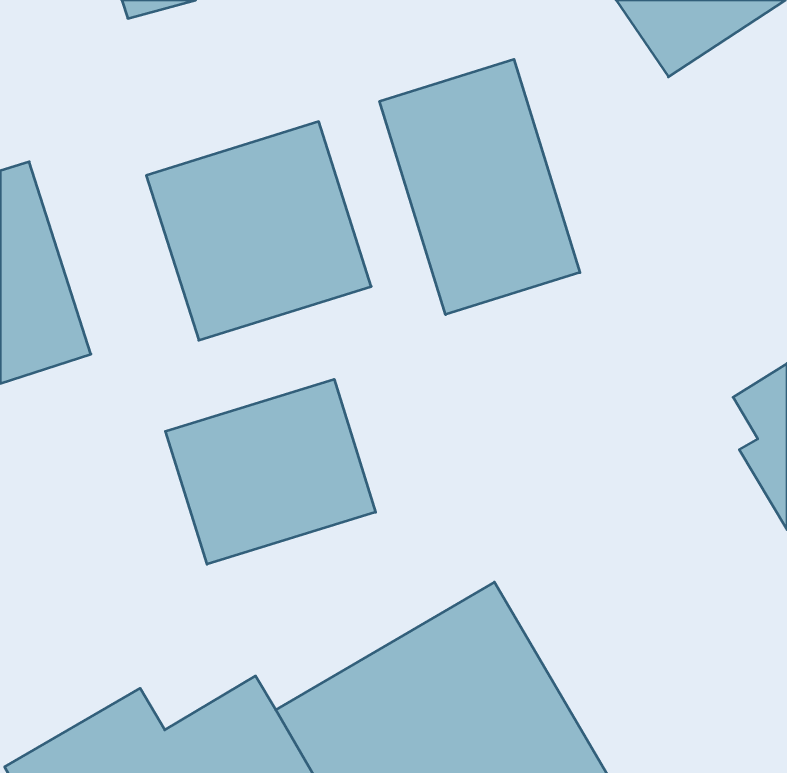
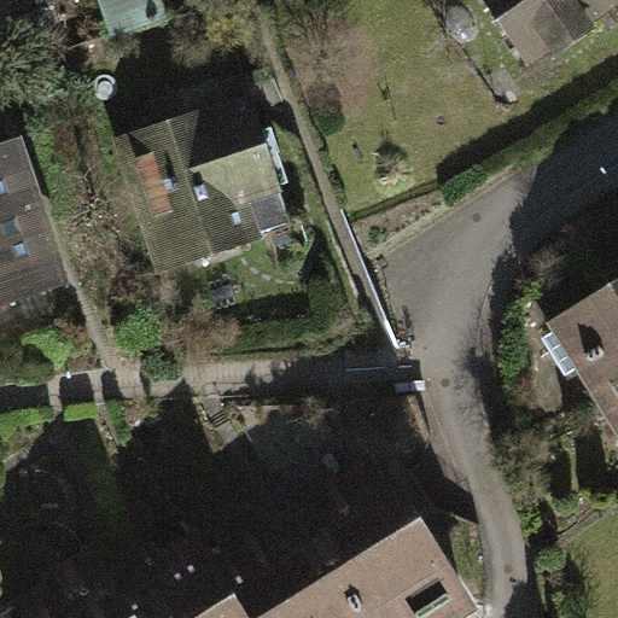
building: [380,59,580,315] -> none
building: [165,379,376,564] -> none

